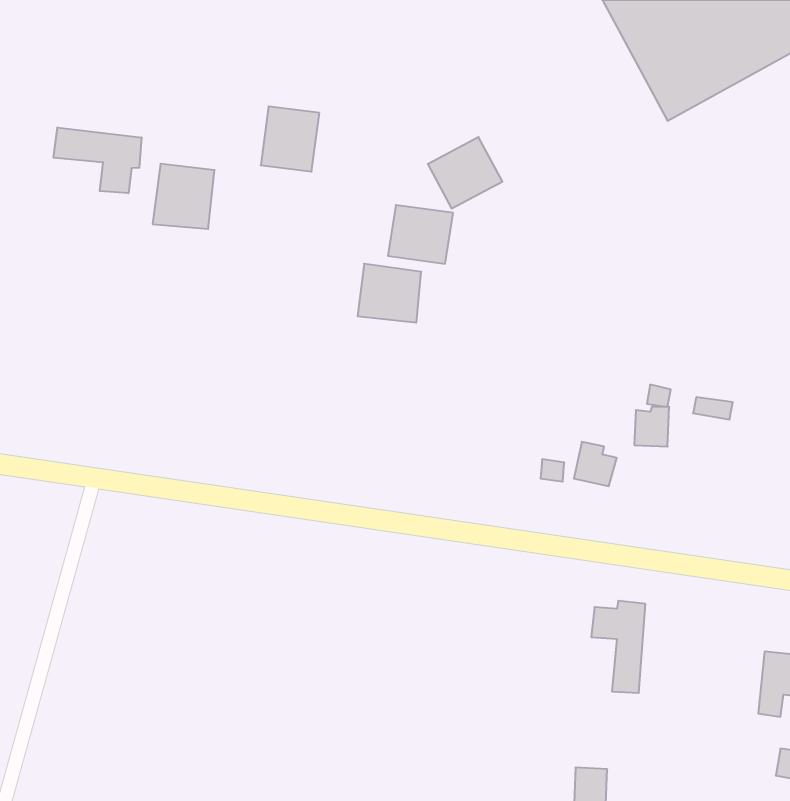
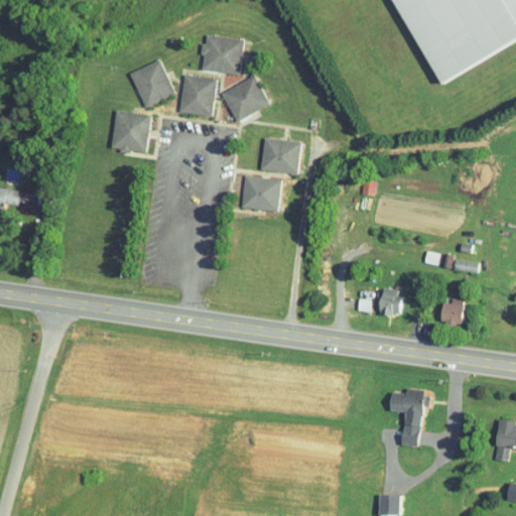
building: none -> [201,35,243,74]
building: none -> [130,59,175,107]
building: [54,127,142,193] -> none
building: [428,137,502,209] -> [222,76,269,121]
building: [634,407,669,447] -> [440,299,463,325]

